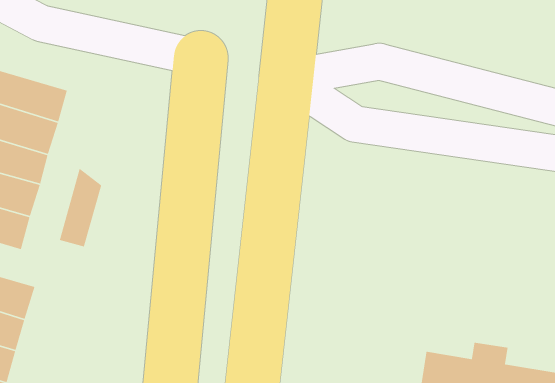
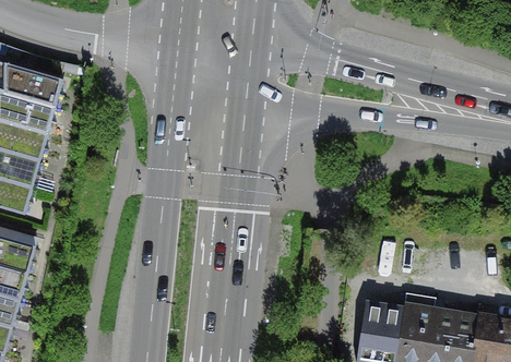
building: [59,168,102,247] -> none

